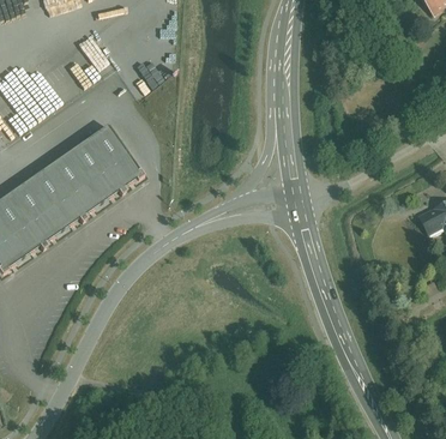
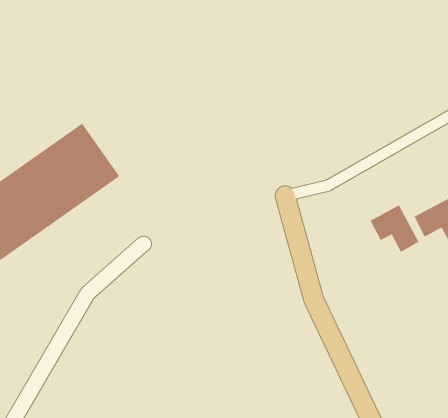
building: none -> [370,205,419,253]

